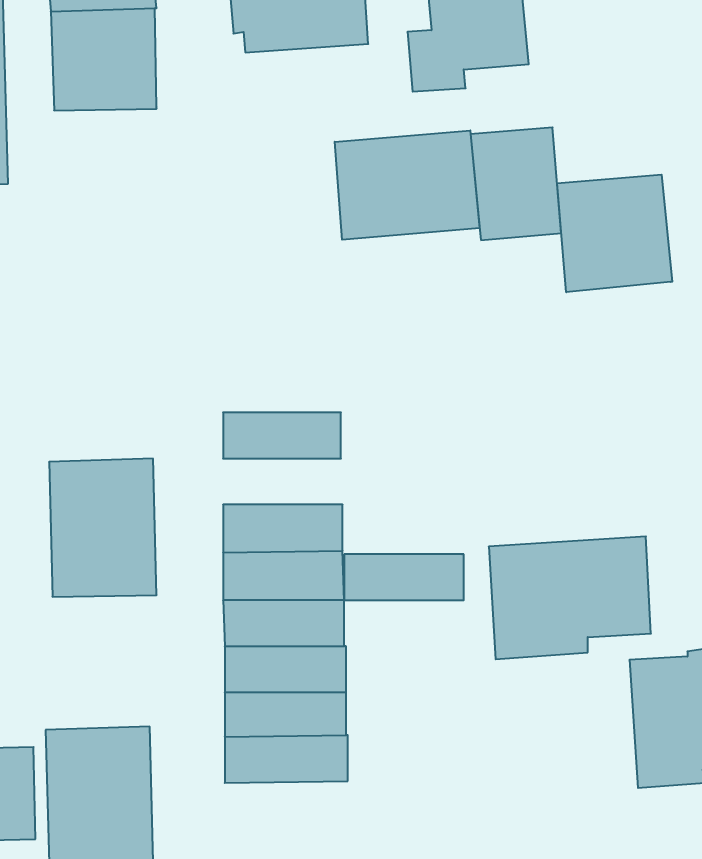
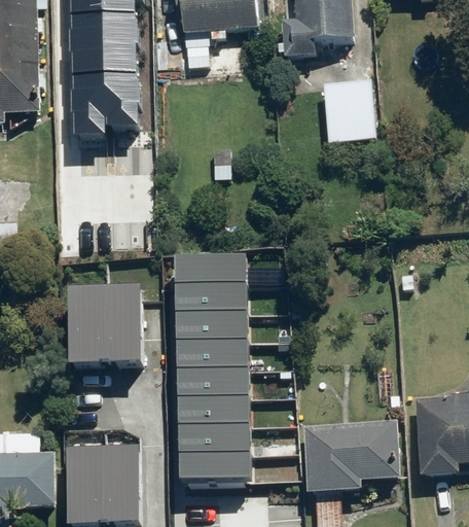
building: none -> [71,68,134,132]
building: [335,130,479,240] -> none
building: [557,175,672,292] -> none
building: [489,536,651,659] -> [305,421,403,495]
building: [344,554,464,600] -> [173,279,245,307]

